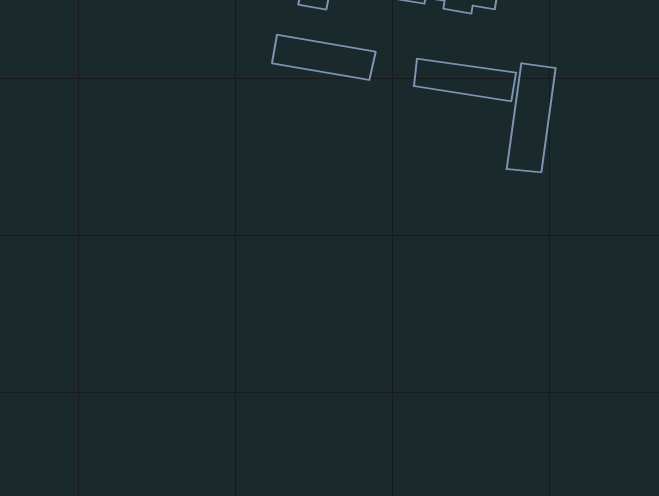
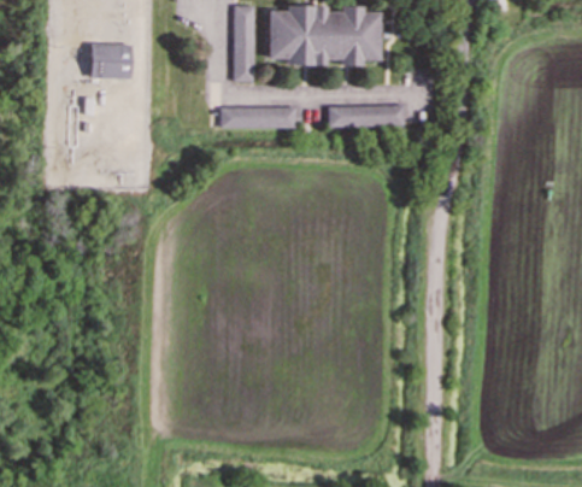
building: [507,63,556,172] -> none

